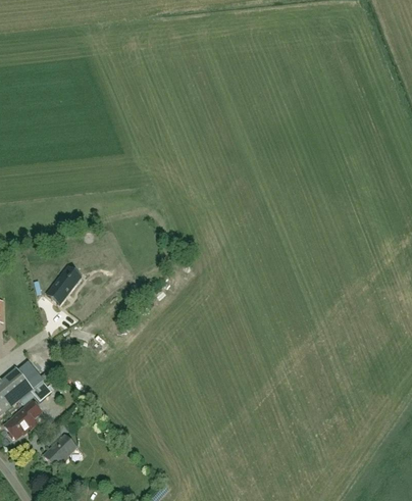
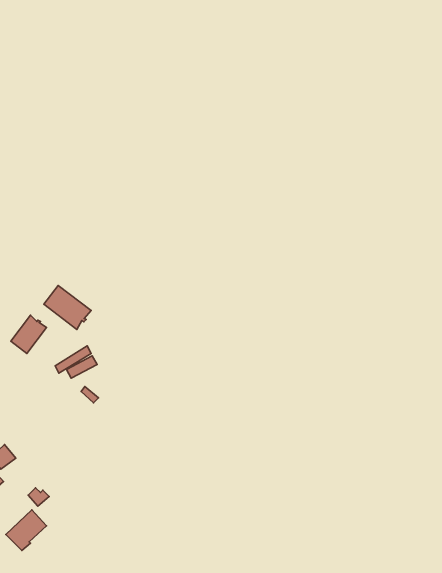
building: none -> [44,285,91,330]

